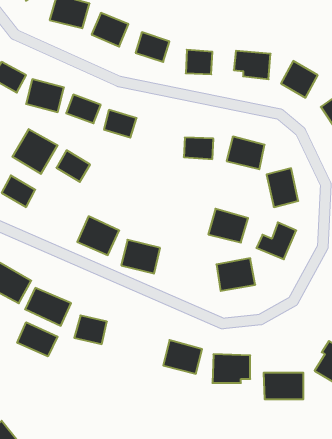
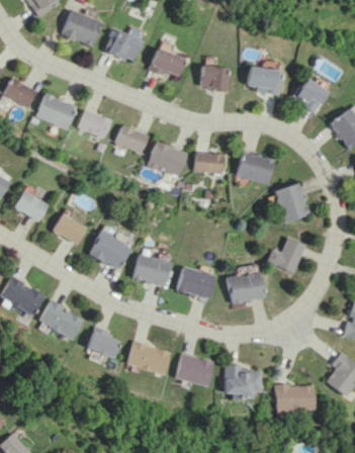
building: none -> [147,142,187,177]
building: [12,129,58,174] -> none
building: [56,150,90,182] -> [53,213,86,245]
building: [208,209,248,243] -> [176,266,215,299]
building: [17,322,58,356] -> none
building: none -> [125,341,170,375]

